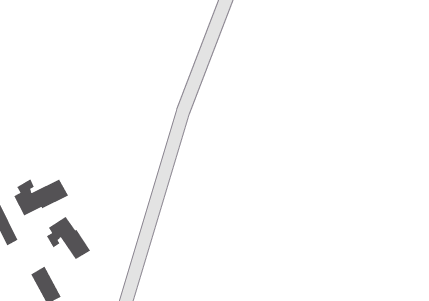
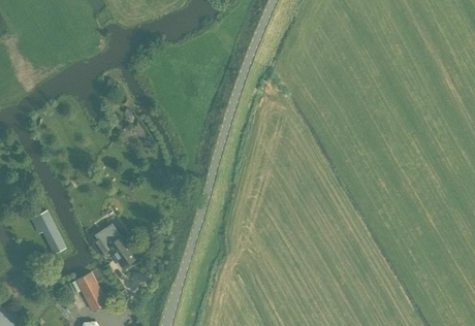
building: [13,178,69,216] -> none

